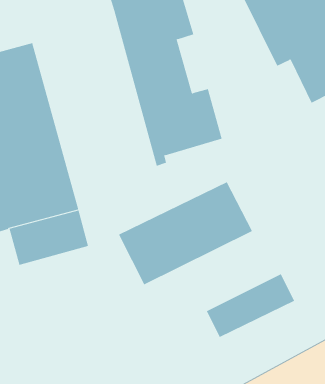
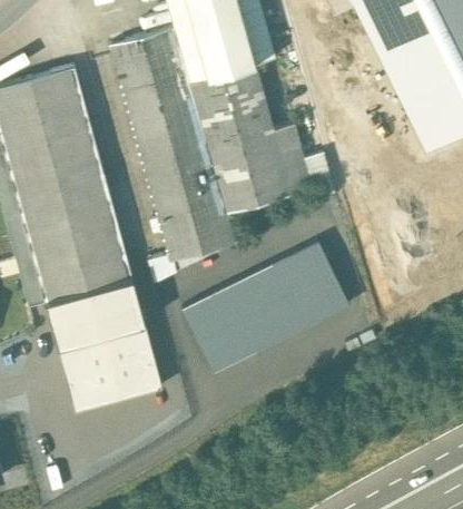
building: none -> [111,27,235,261]
building: none -> [57,323,162,412]
building: [206,274,295,338] -> none

